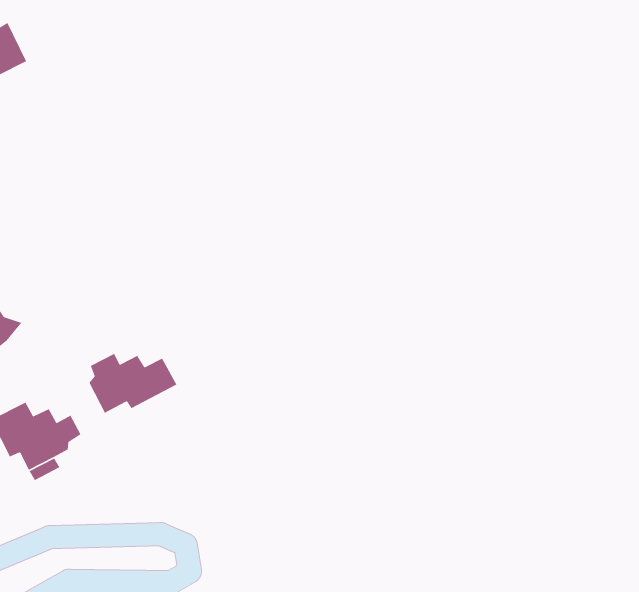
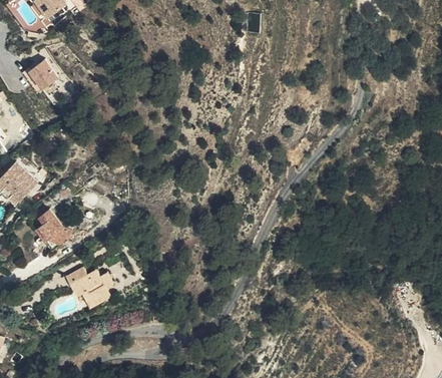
building: [89,353,178,414] -> none

